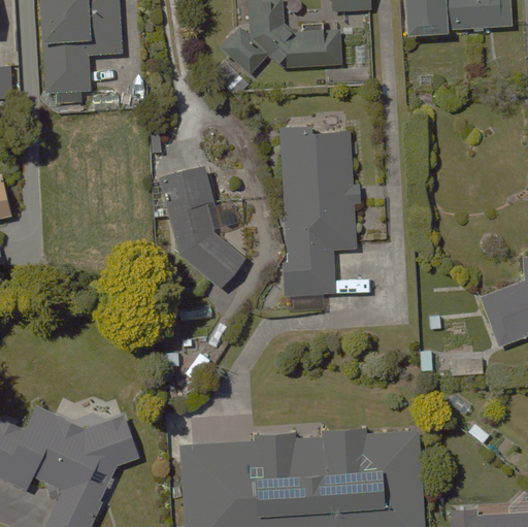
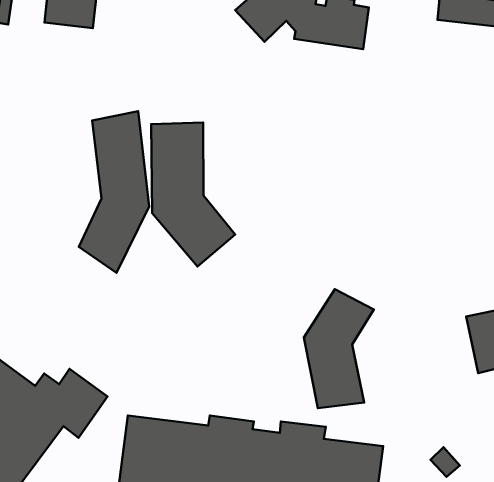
building: [277,113,357,294] -> none
building: none -> [79,111,149,273]
building: none -> [304,289,374,408]

